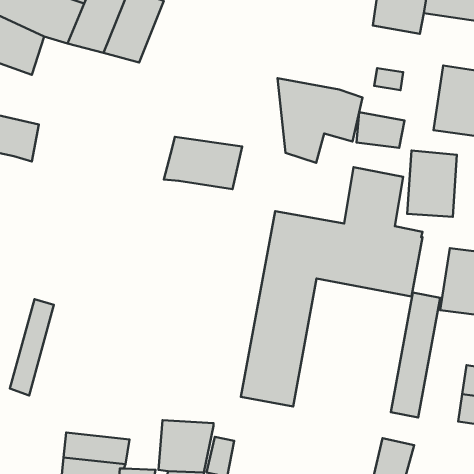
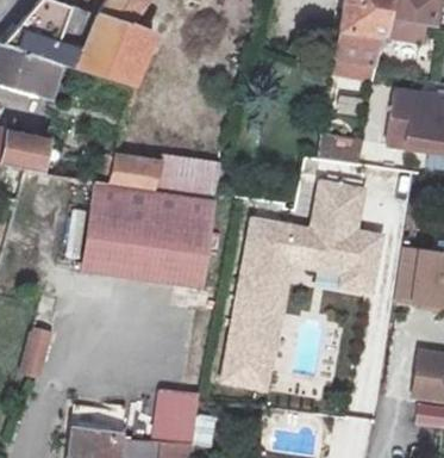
building: [278,78,362,163] -> none
building: none -> [110,156,163,190]
building: none -> [83,197,217,286]

